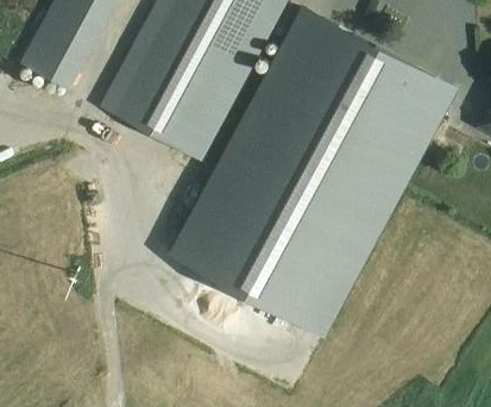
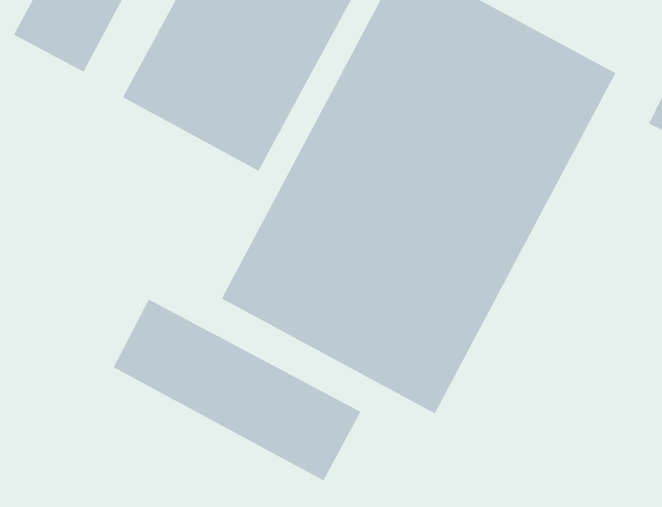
building: none -> [112,298,361,481]

